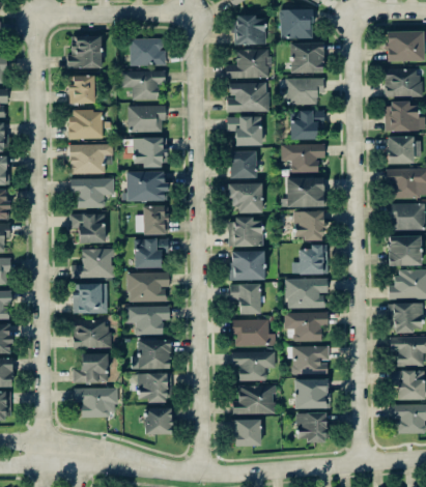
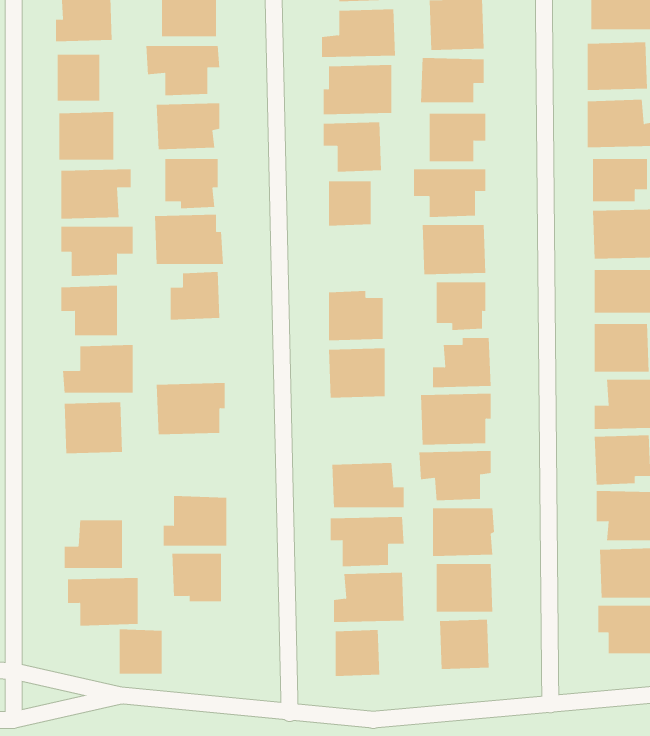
building: [229,182,262,213] -> none
building: [134,238,168,268] -> none
building: [230,284,260,314] -> none
building: [126,306,170,335] -> none
building: [74,319,110,348] -> none
building: [145,407,171,434] -> [119,629,162,674]

